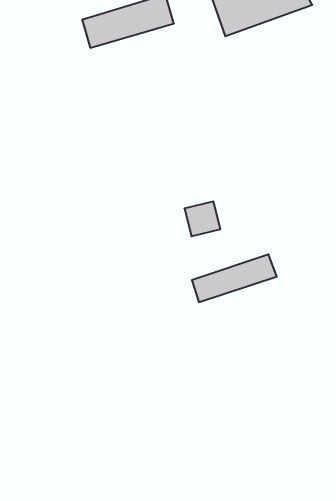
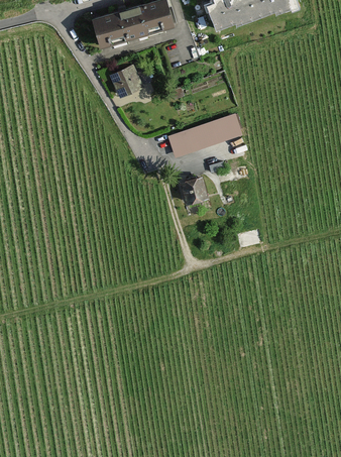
building: none -> [109,62,143,97]
building: [192,254,277,302] -> [167,114,241,155]

